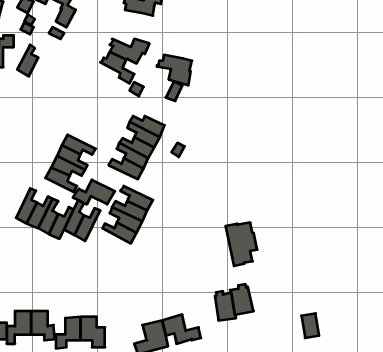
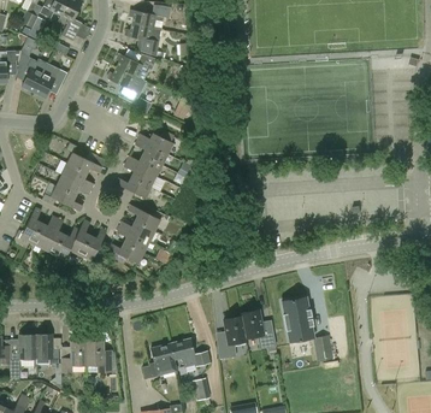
building: none -> [33,61,66,96]
building: [157,55,192,85] -> [124,23,160,54]
building: [73,180,115,204] -> none
building: [226,223,257,266] -> [281,296,313,341]

